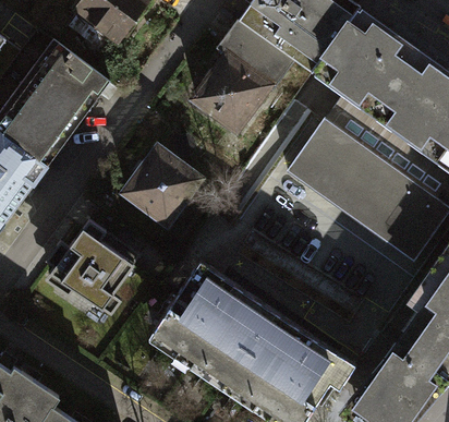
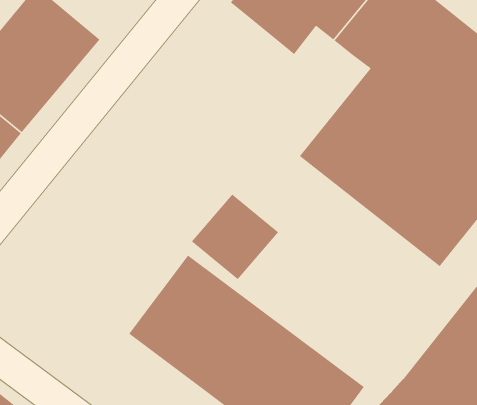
building: [197,55,270,130] -> none
building: [125,150,199,224] -> [191,194,279,280]
building: [46,218,133,314] -> none

